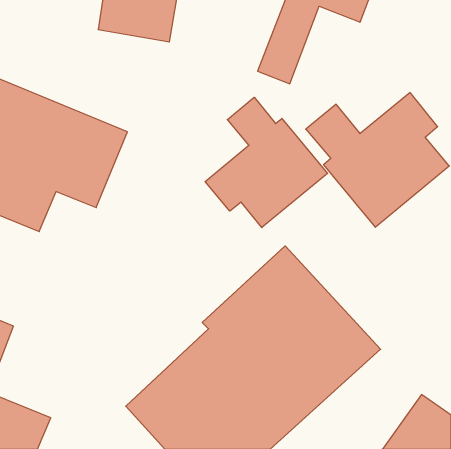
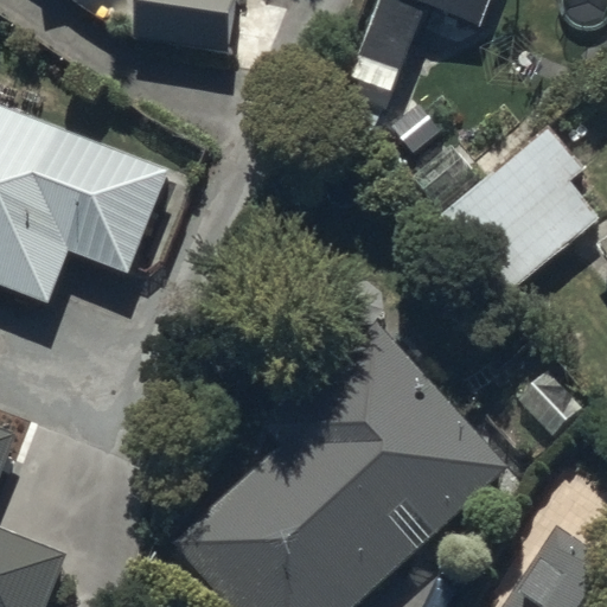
building: [205,97,328,228] -> none

